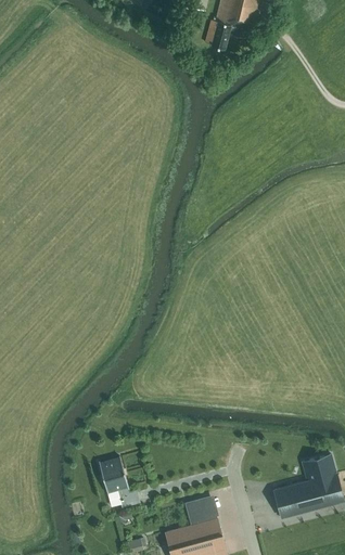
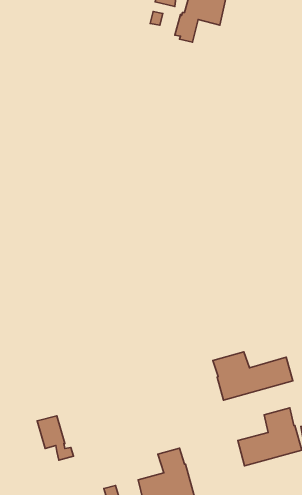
building: none -> [213,352,293,400]
building: [98,457,138,506] -> [37,416,74,460]

